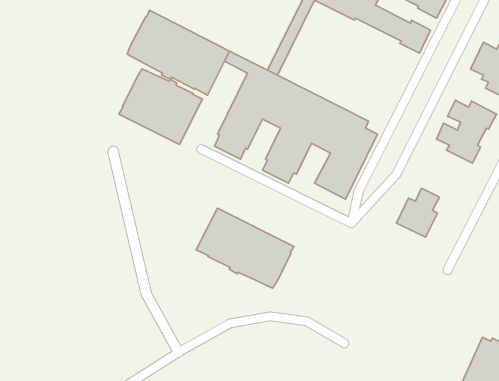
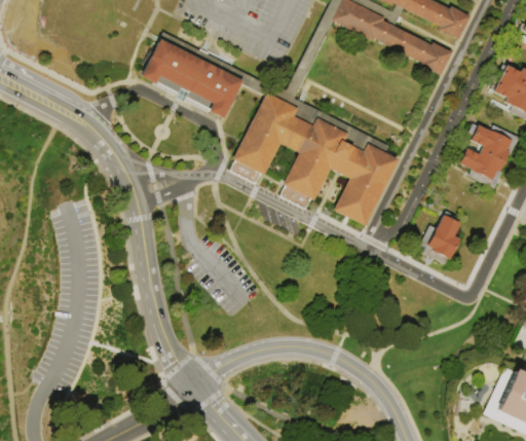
building: [119,69,203,144] -> none
building: [196,208,294,288] -> none

